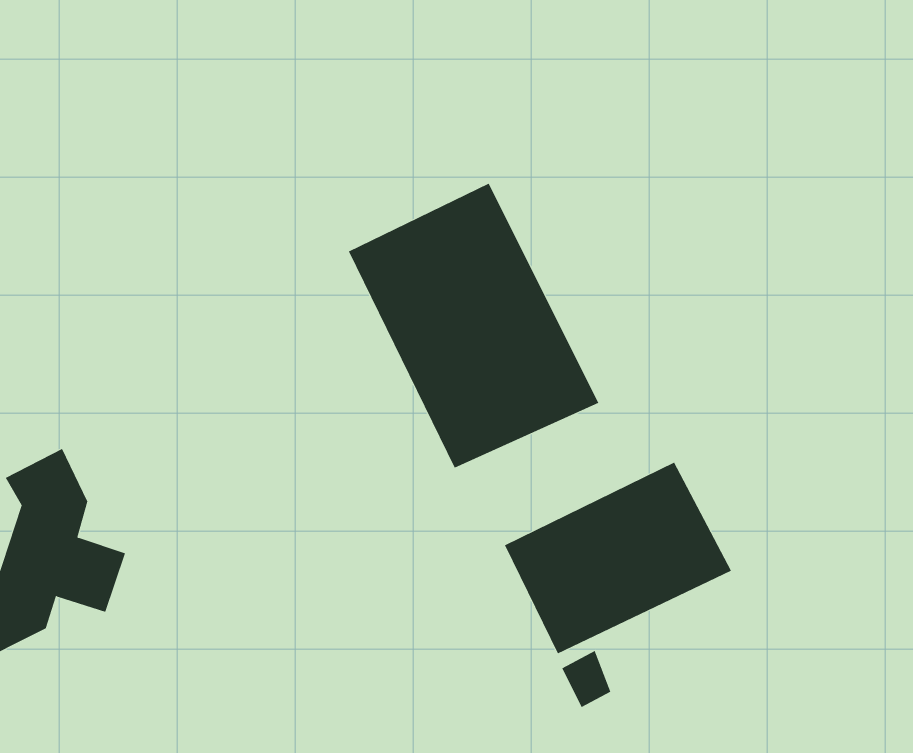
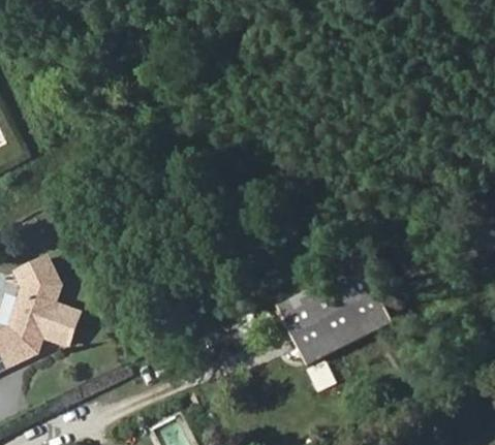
building: [348,183,599,468] -> none

